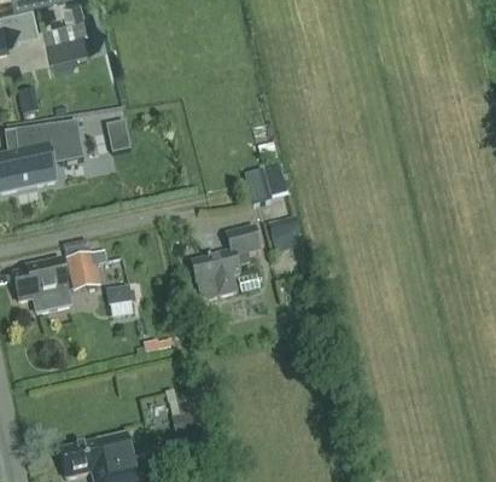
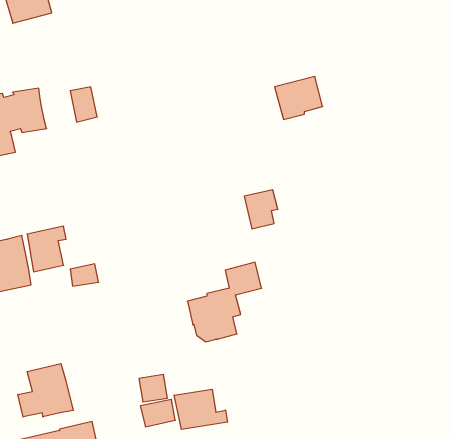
building: [243,164,287,204] -> [275,76,323,119]
building: [192,223,261,297] -> [187,262,262,342]
building: none -> [18,364,73,417]
building: none -> [174,389,228,429]

